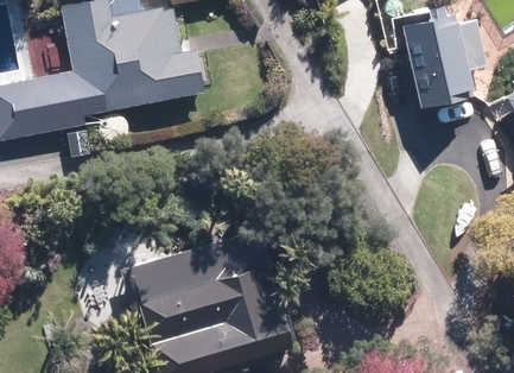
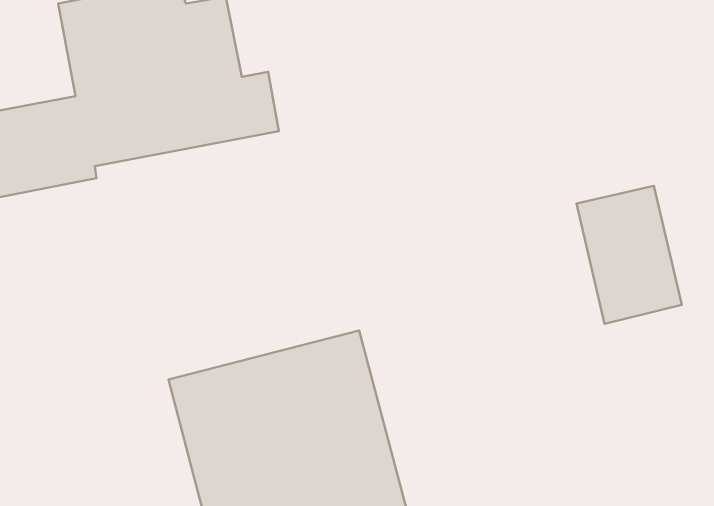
building: [402,13,474,107] -> [577,186,682,324]

